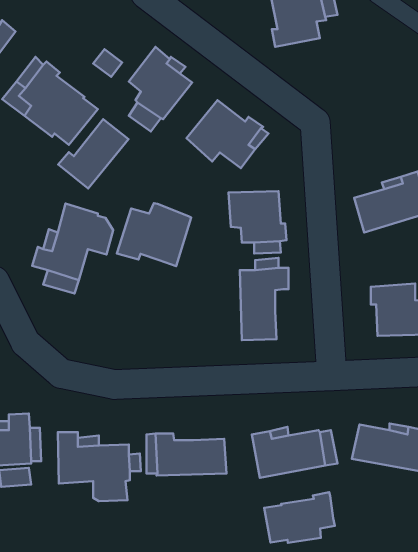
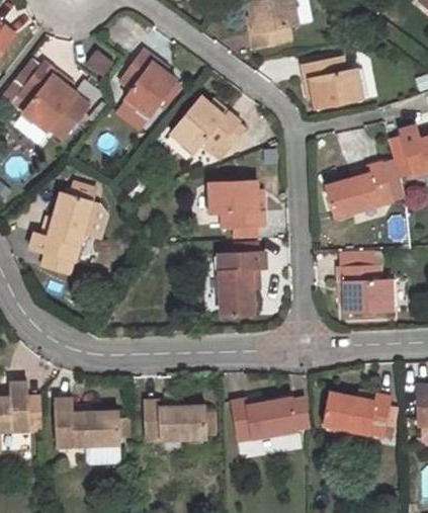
building: none -> [303,57,362,108]
building: [58,119,128,189] -> none
building: [117,203,191,266] -> none
building: [264,492,335,543] -> none

